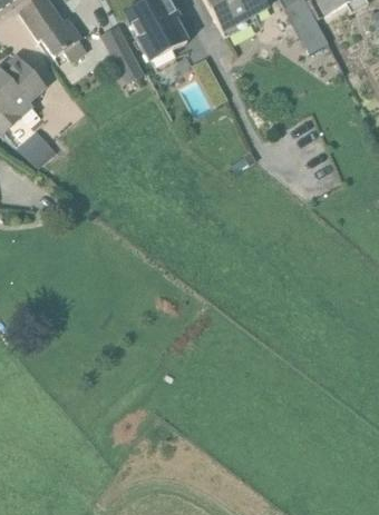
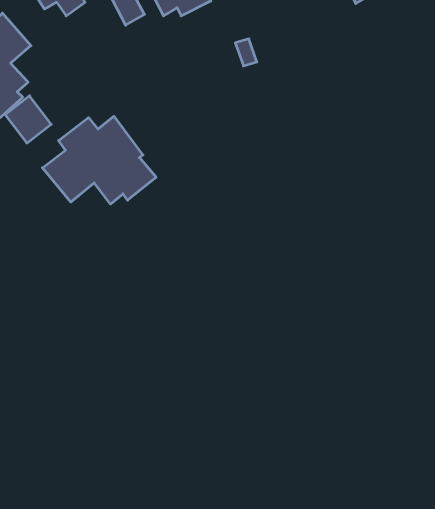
building: none -> [42,116,156,204]

